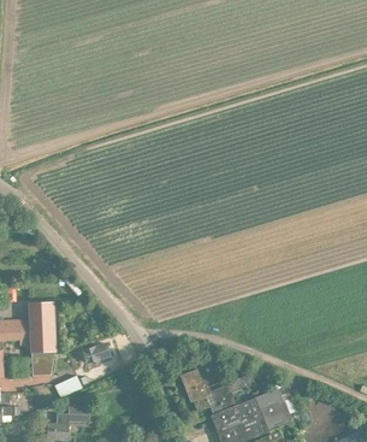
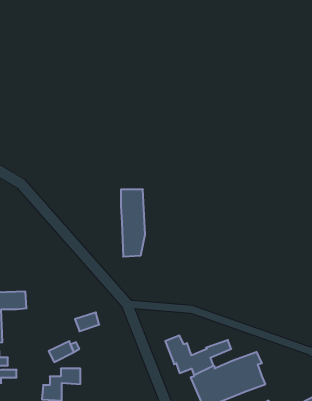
building: [29,302,55,376] -> [121,189,145,257]

